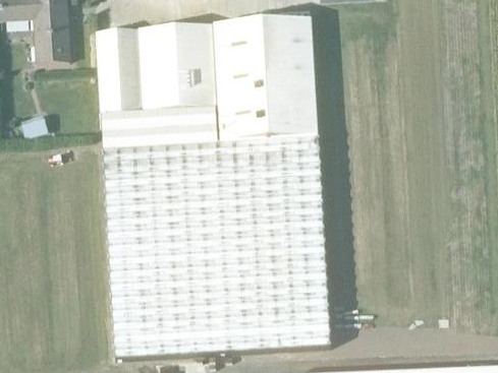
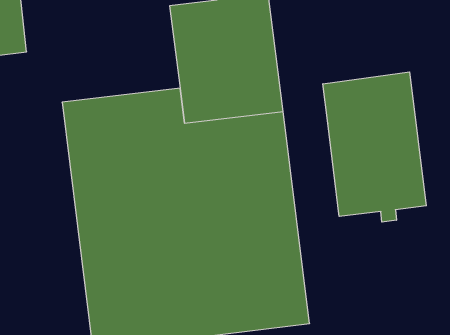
building: [96,23,218,111] -> none
building: none -> [323,72,426,222]

